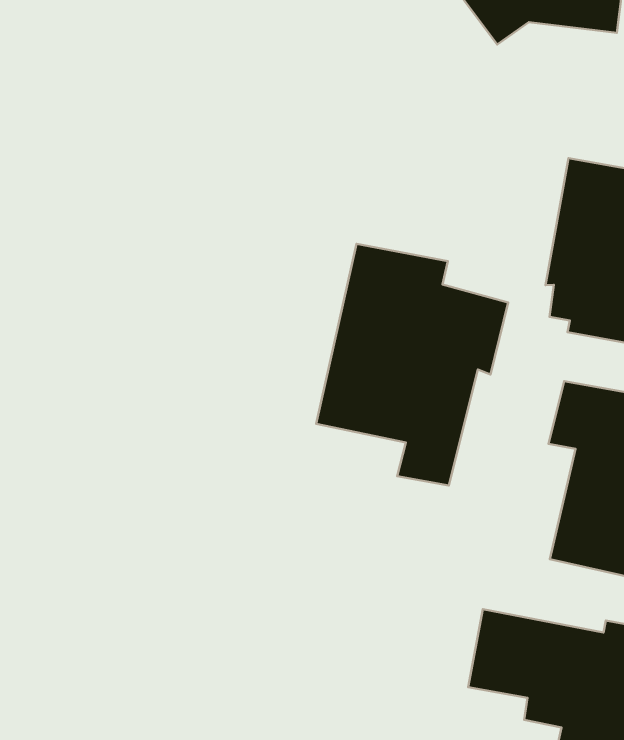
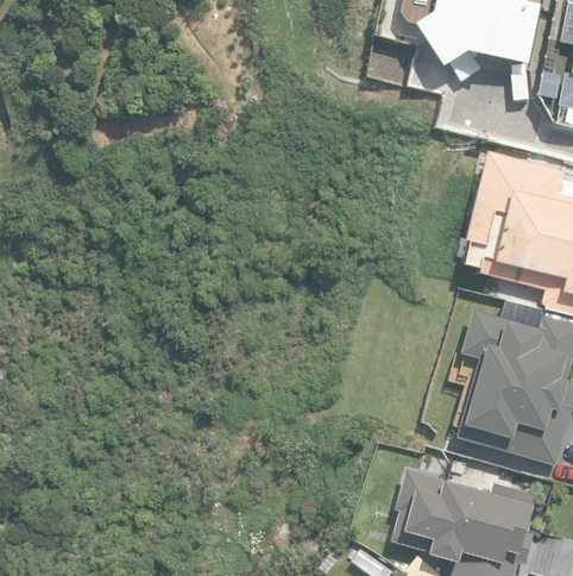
building: [316,244,508,486] -> none

